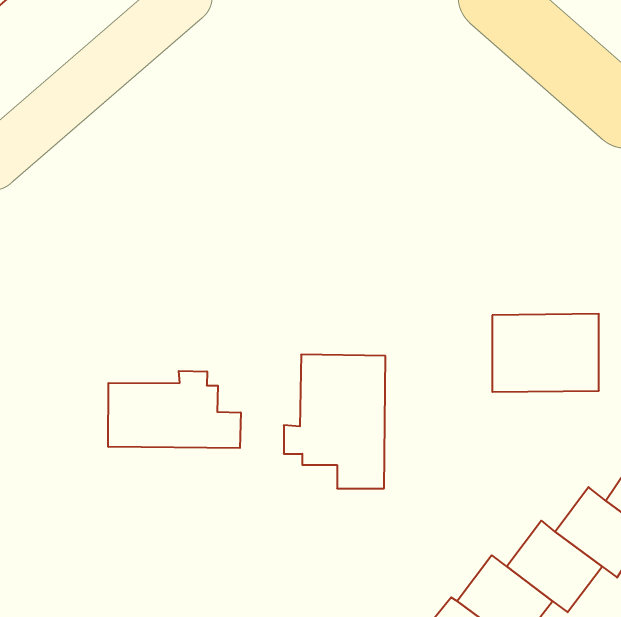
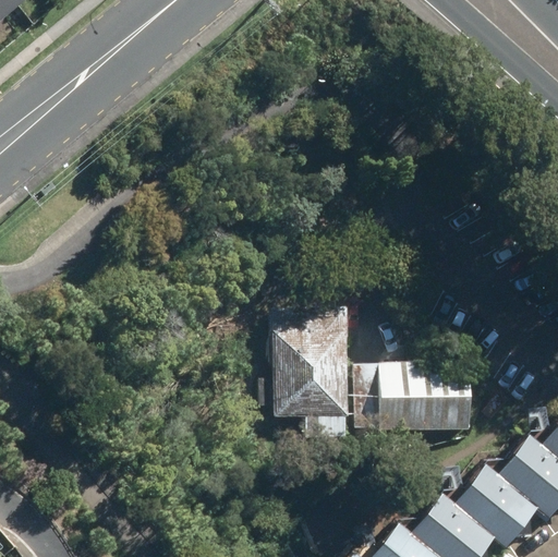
building: [492,314,599,392] -> [379,362,473,431]
building: [108,371,241,448] -> none

